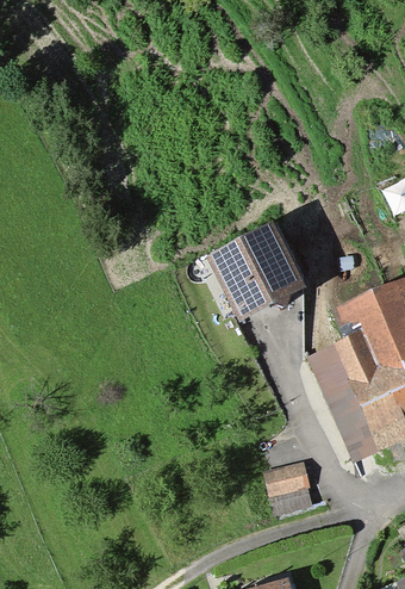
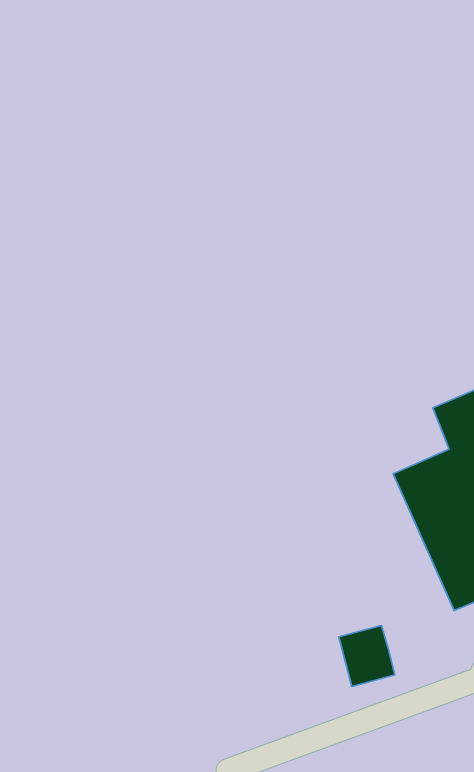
building: [217,236,297,316] -> none

